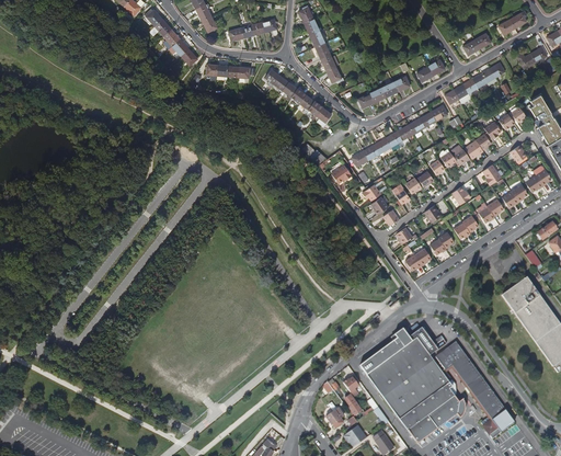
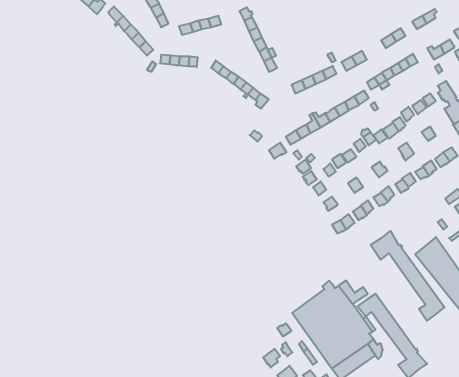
building: none -> [371,231,444,321]

